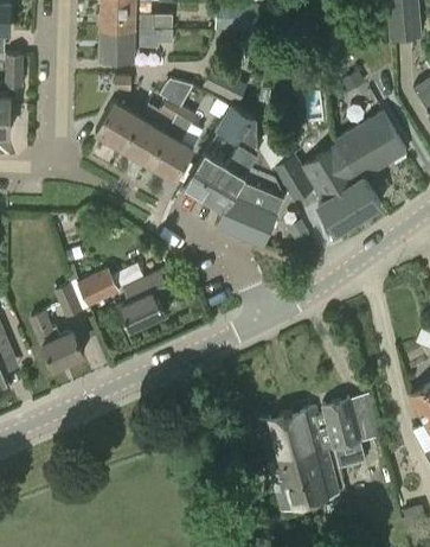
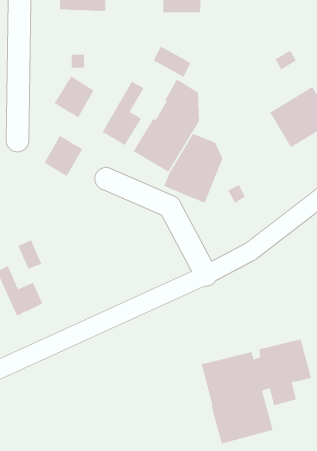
building: [100,27,172,58] -> none
building: [159,82,192,119] -> none
building: [122,117,166,164] -> [44,135,83,177]
building: [261,132,380,233] -> none
building: [77,269,120,307] -> none
building: [118,273,168,332] -> none

